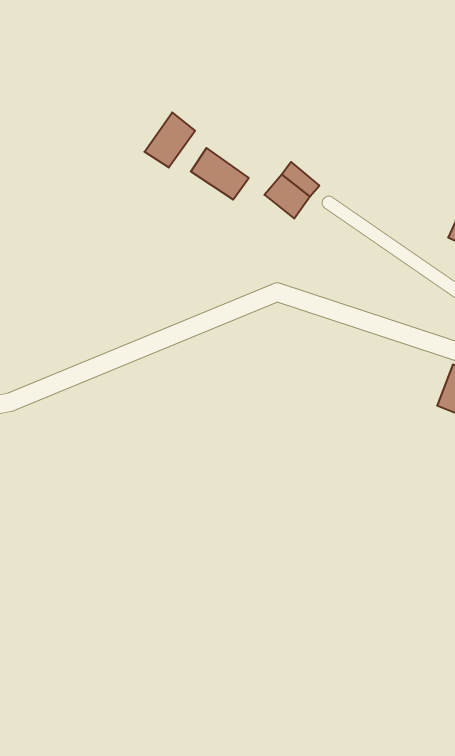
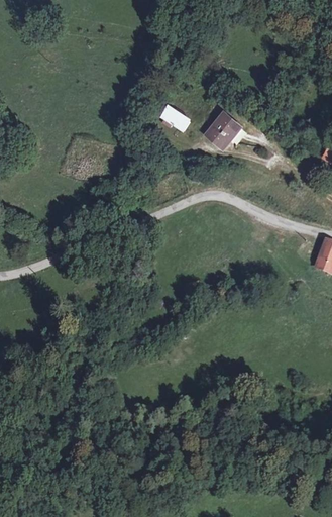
building: [144,112,195,168] -> none

